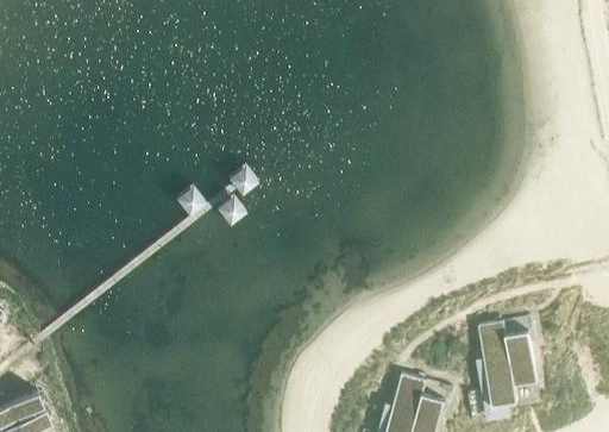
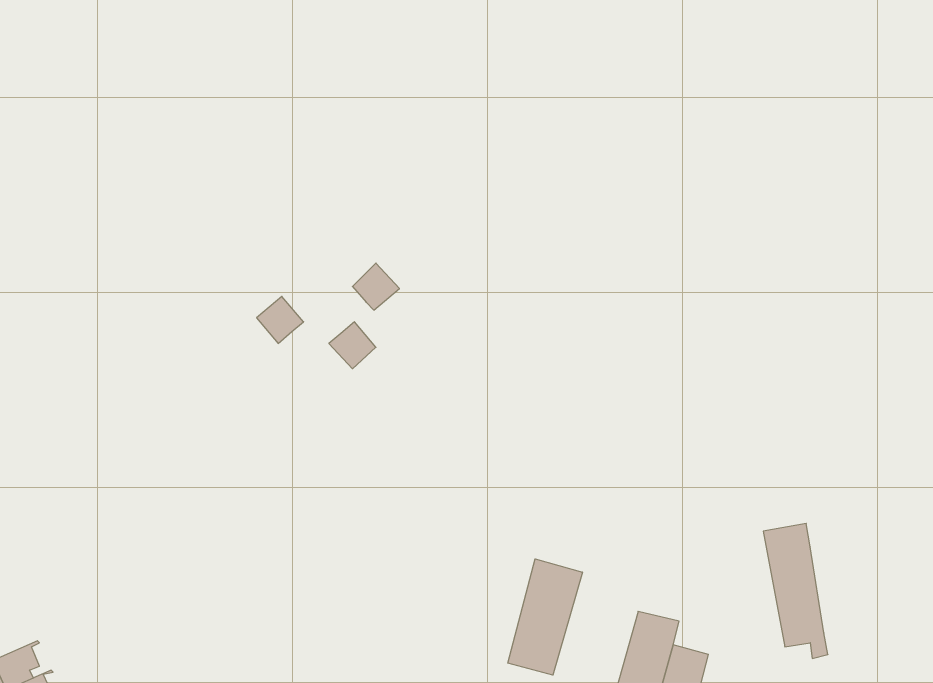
building: [506,332,536,388] -> none
building: none -> [508,559,582,675]

